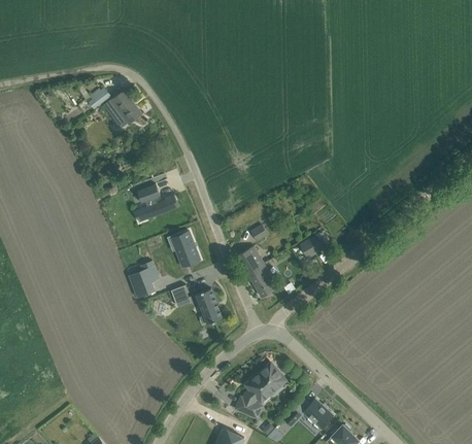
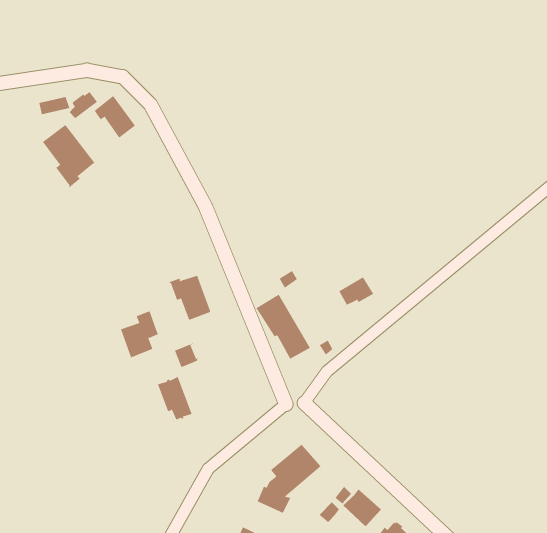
building: none -> [42,124,95,188]
building: [137,187,178,218] -> none
building: [194,288,222,325] -> [157,376,193,422]

